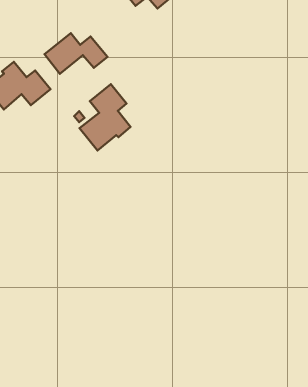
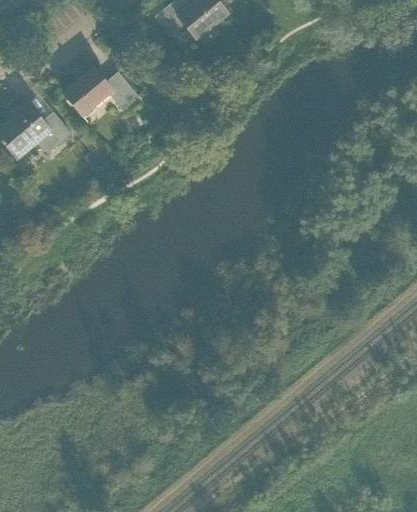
building: [80,84,131,150] -> none

